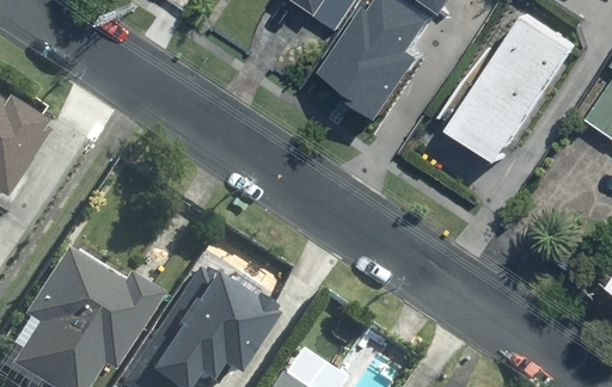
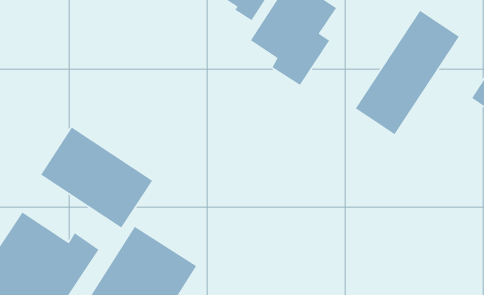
building: none -> [40,127,153,229]

